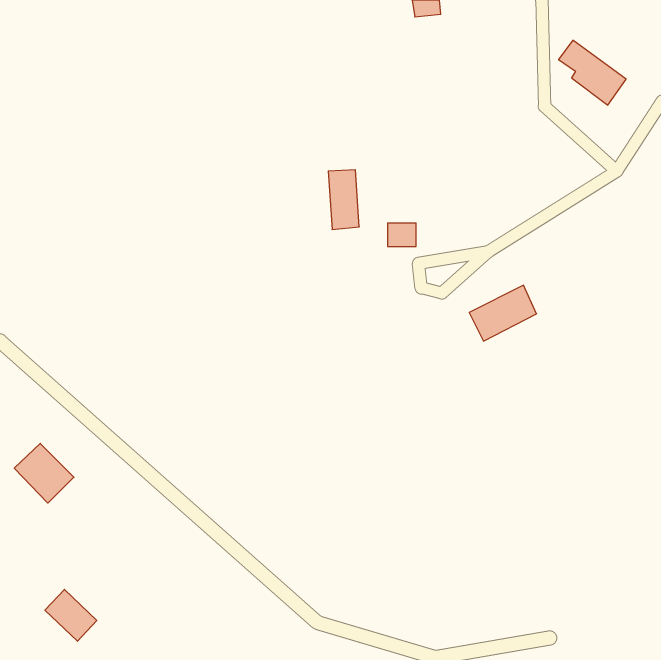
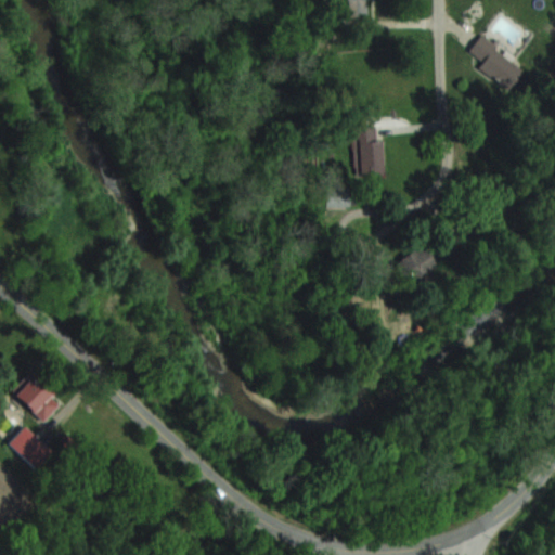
building: [328,170,359,229] -> [357,127,383,177]
building: [45,589,97,641] -> [8,426,51,469]

